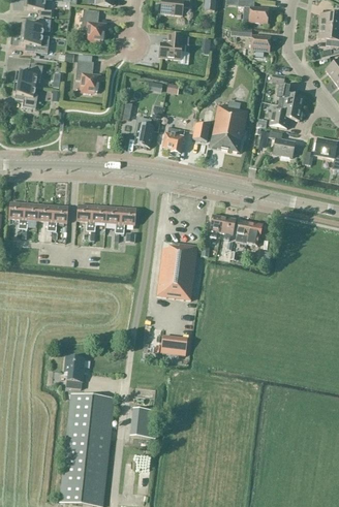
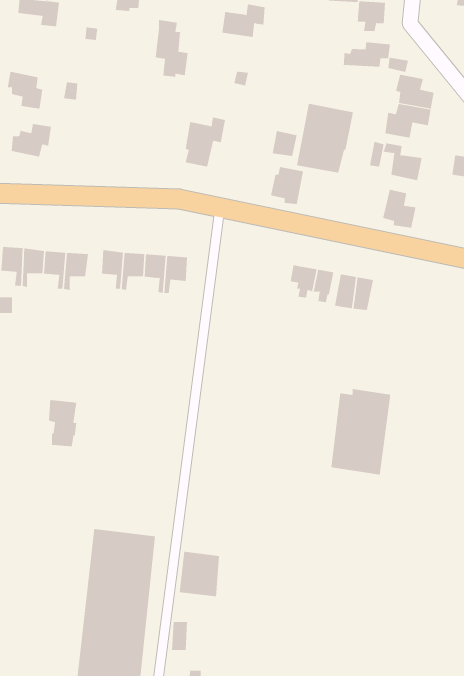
building: [76,54,99,93] -> [155,19,188,77]
building: none -> [343,41,390,67]
building: [16,64,43,87] -> [11,124,52,157]
building: [162,127,185,153] -> [270,167,304,205]
building: none -> [383,189,416,229]
building: [157,243,198,302] -> [330,388,391,475]
building: [161,336,188,354] -> none
building: [65,356,85,388] -> [48,400,77,447]

